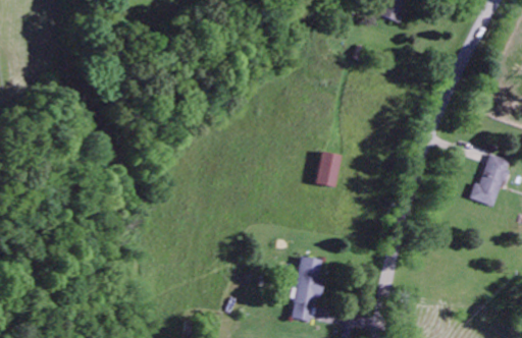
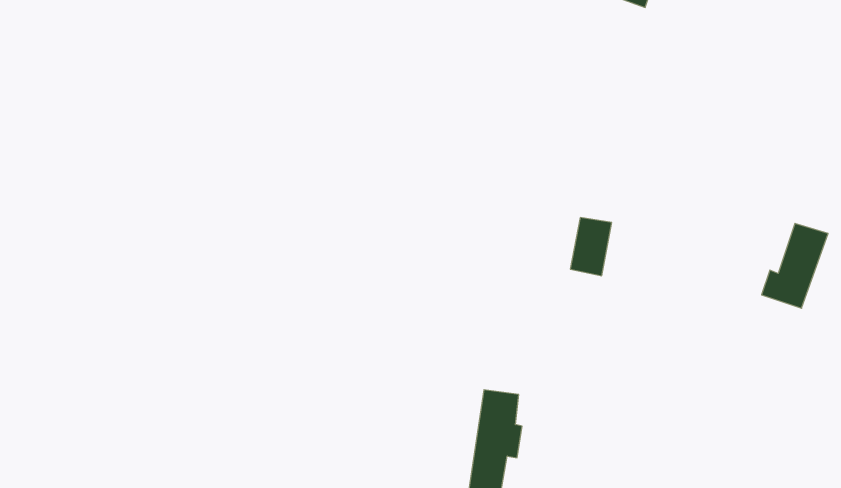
building: [314,152,340,187] -> [570,218,612,276]

